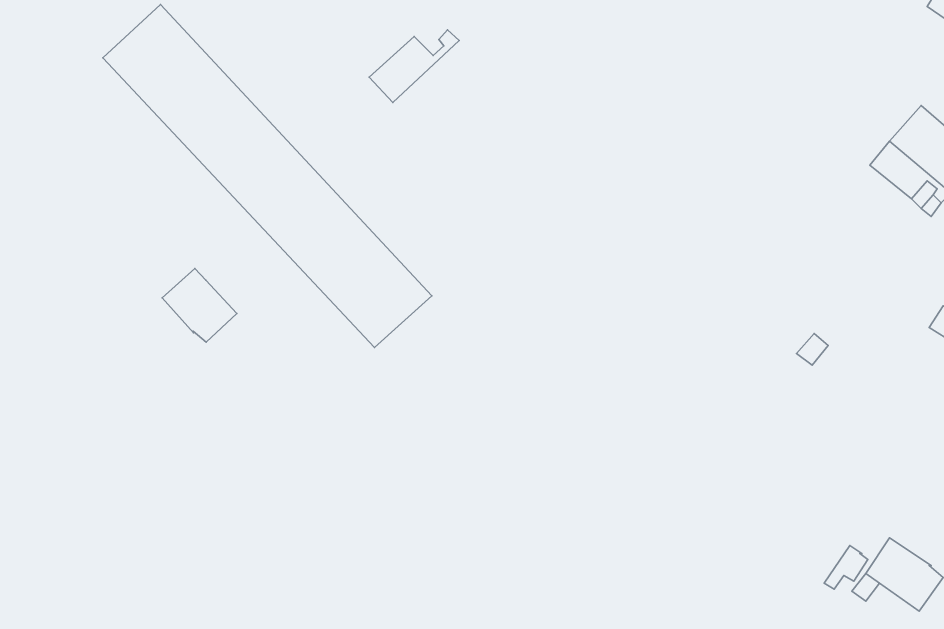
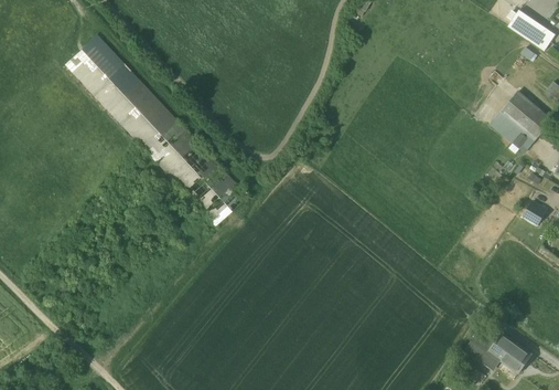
building: [369,30,459,103] -> none
building: [162,269,237,342] -> none

